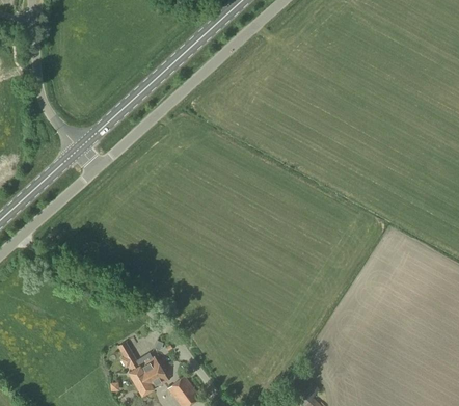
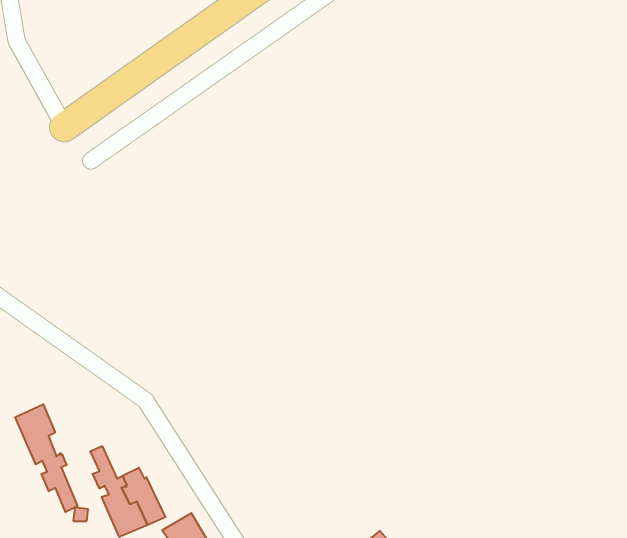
building: none -> [15,404,78,512]

